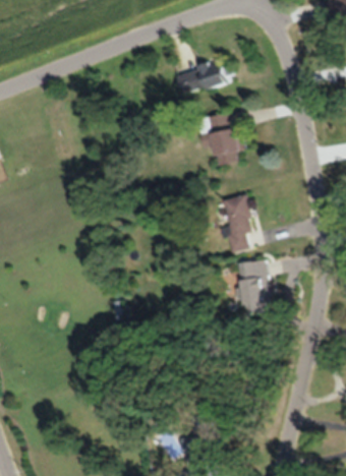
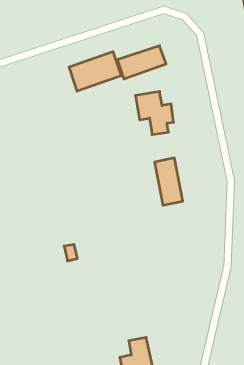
building: none -> [69,52,121,91]
building: [236,259,270,315] -> none

